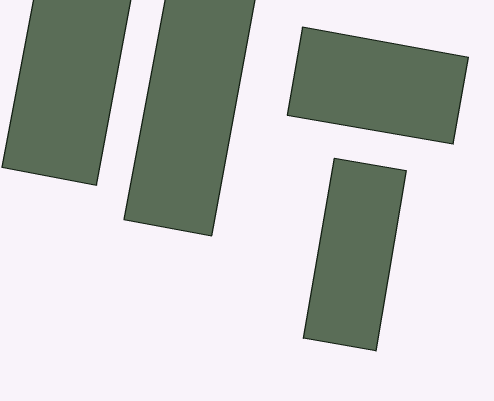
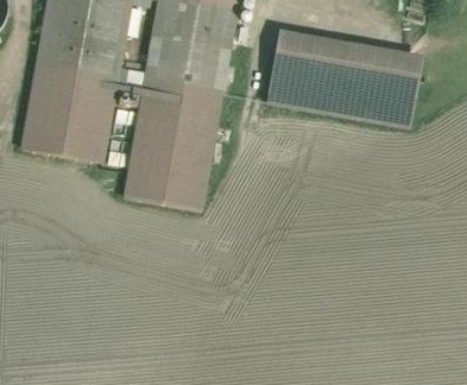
building: [303,158,406,351] -> none

